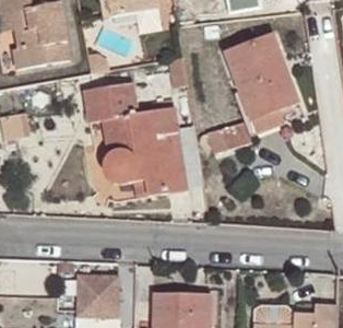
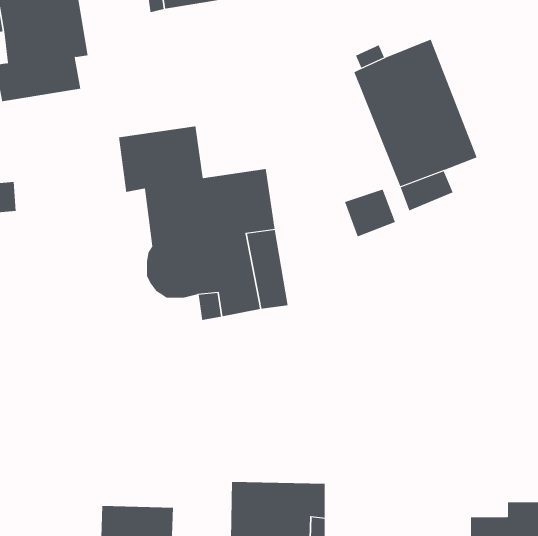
building: [76,273,120,308] -> none

